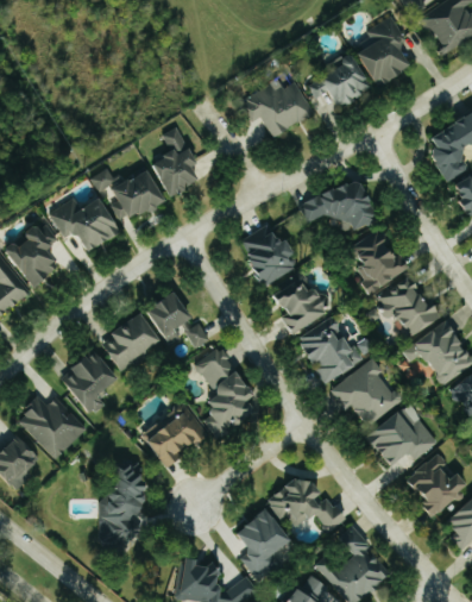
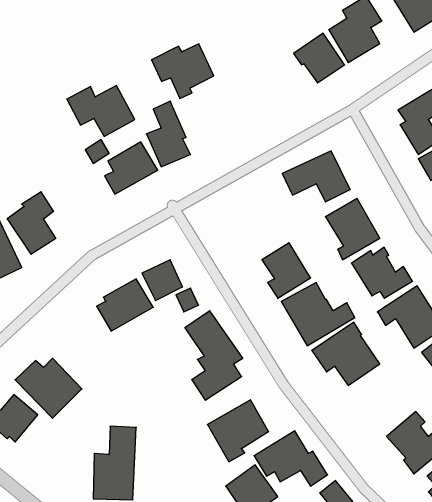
building: [244,82,309,139] -> [151,44,214,98]
building: [51,199,122,252] -> [67,86,135,136]
building: [243,226,296,286] -> none
building: [64,351,119,415] -> none
building: [144,405,208,470] -> [207,400,269,462]
building: [369,412,438,468] -> none

